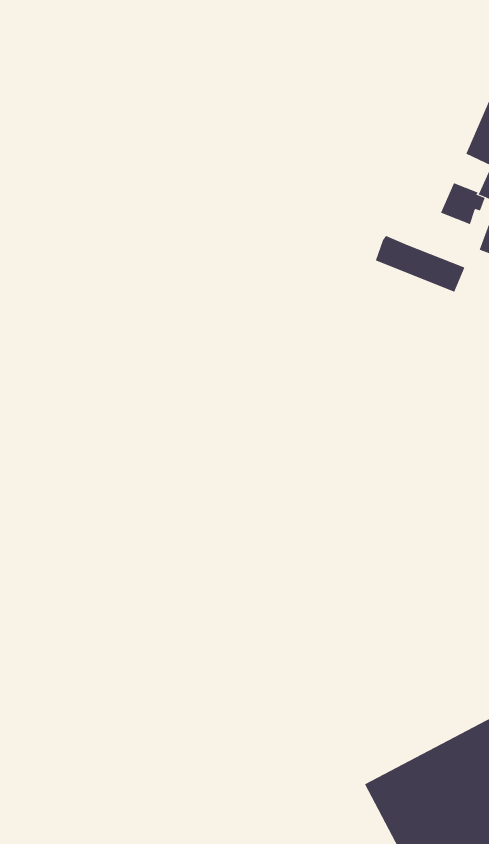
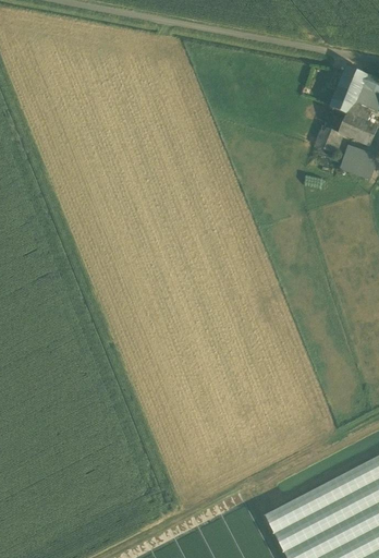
building: [375,235,465,292] -> none

